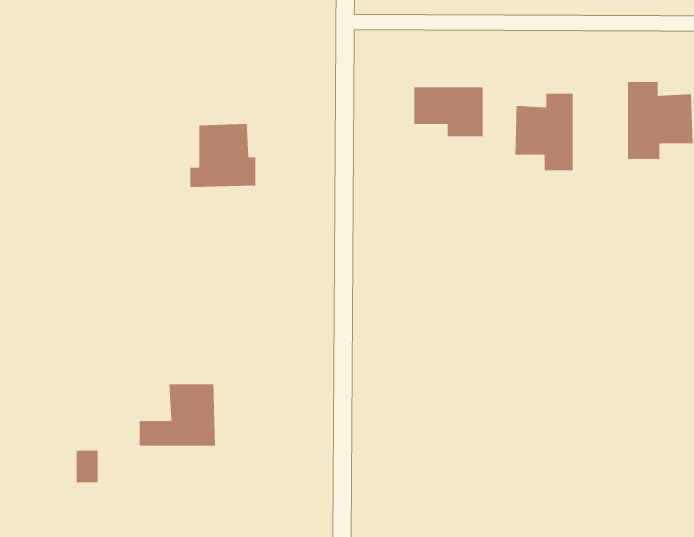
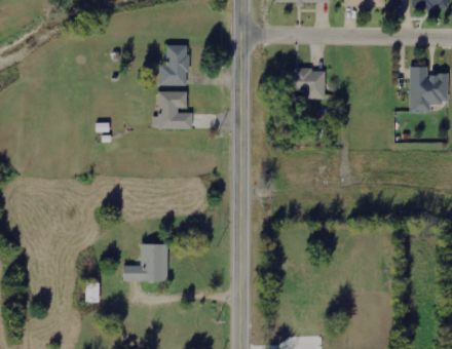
building: none -> [159,45,189,85]
building: [514,93,574,171] -> none

